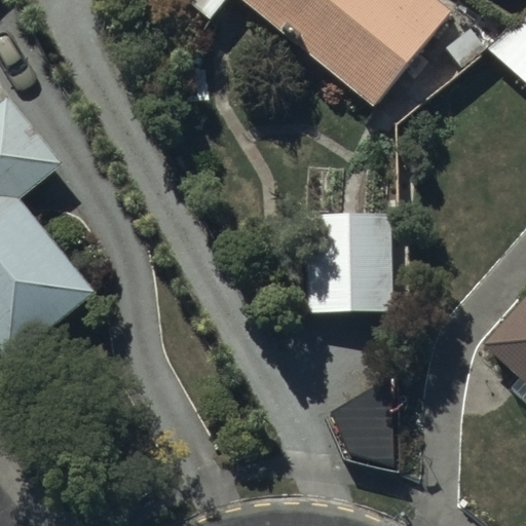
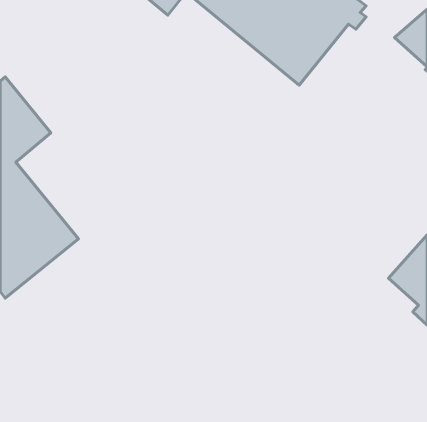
building: [301,211,389,310] -> none

